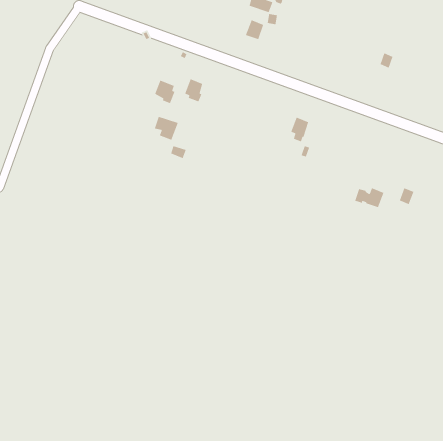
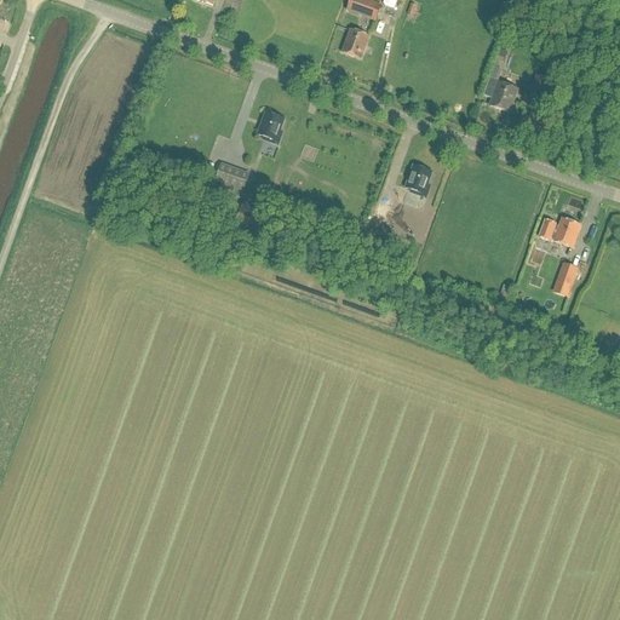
building: none -> [483,76,517,109]
building: [154,80,175,104] -> none
building: [354,187,385,208] -> [538,216,580,245]

